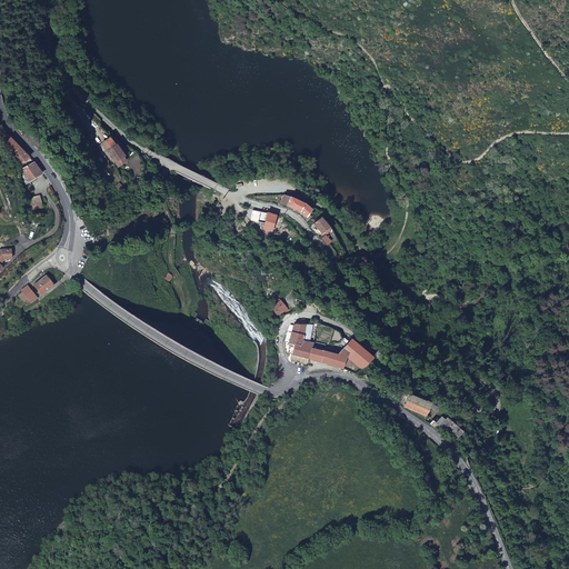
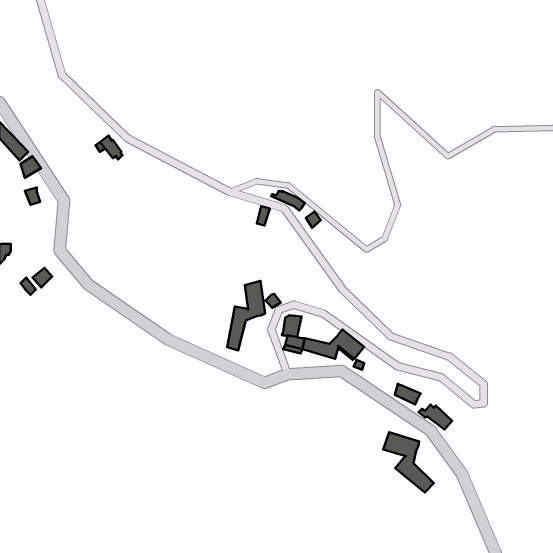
building: none -> [227,281,265,351]
building: none -> [383,432,434,493]

